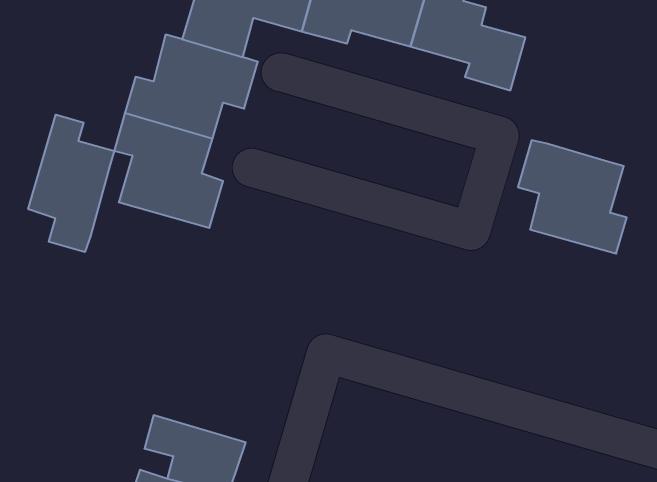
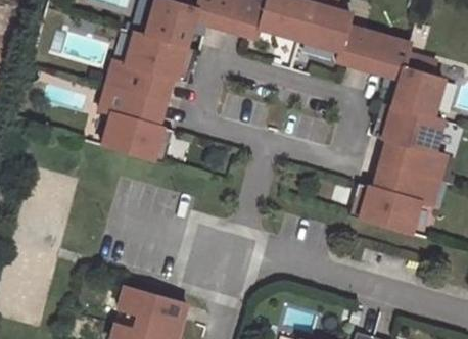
building: none -> [366,33,442,116]
building: [28,115,114,252] -> none
building: none -> [348,162,437,232]

